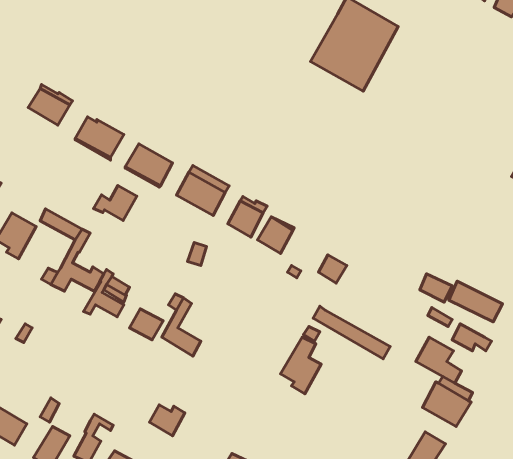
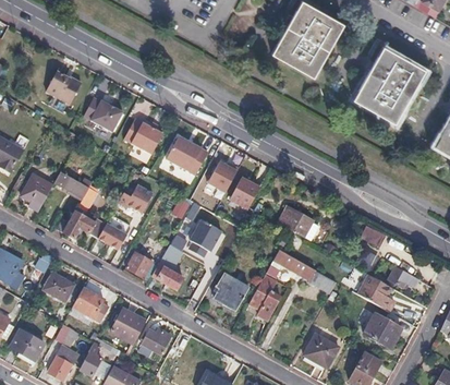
building: none -> [353,46,424,122]
building: [94,185,137,221] -> [118,184,153,213]
building: none -> [188,219,222,256]
building: [449,281,502,322] -> none
building: none -> [214,273,248,309]
building: none -> [44,274,74,302]
building: none -> [73,288,105,318]
building: none -> [111,309,146,344]
building: none -> [303,333,338,366]

